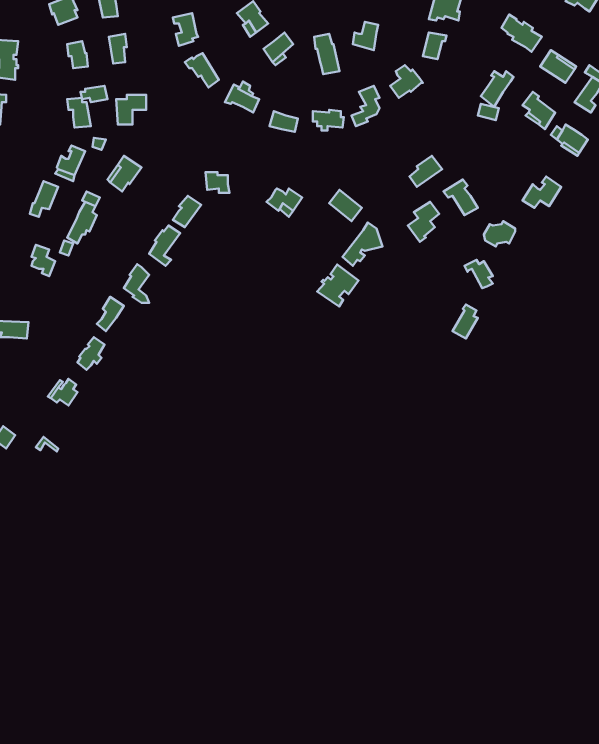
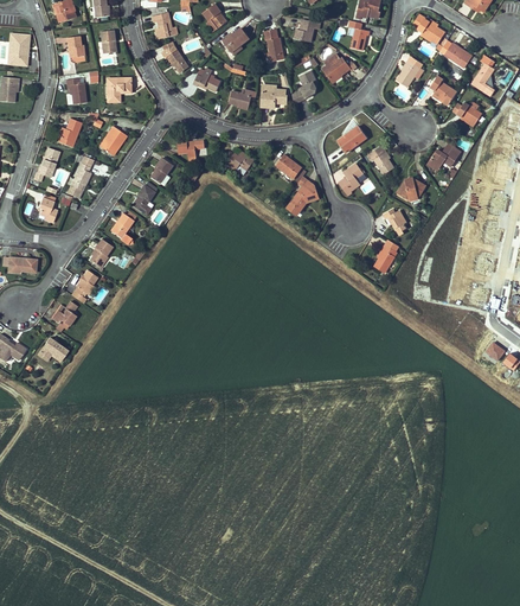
building: [317,265,359,307] -> none

